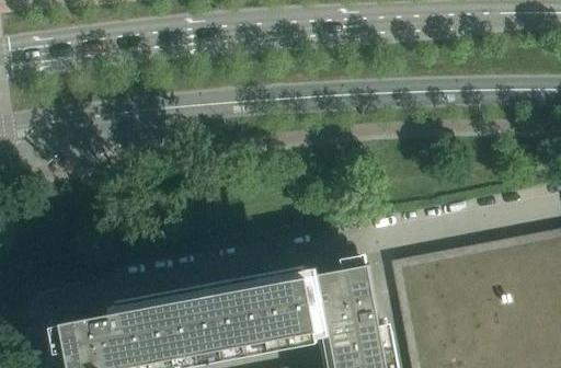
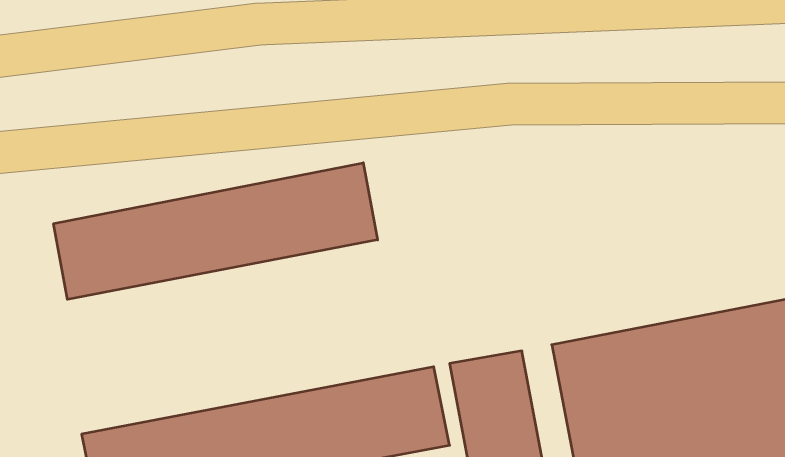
building: none -> [54,163,378,299]

